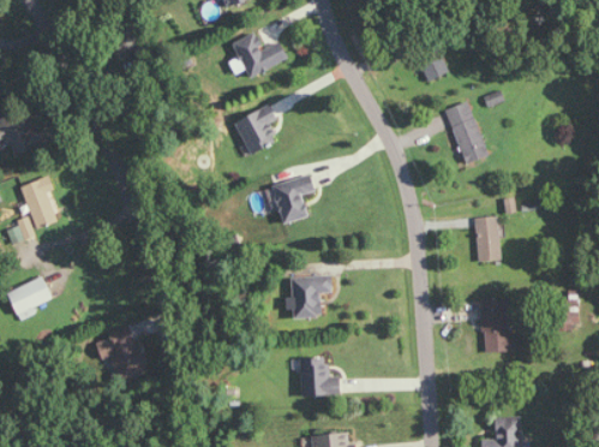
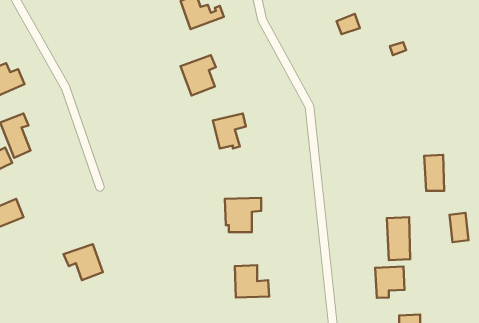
building: [445,101,487,162] -> none
building: [475,216,499,260] -> [424,155,444,191]
building: none -> [375,267,404,298]

